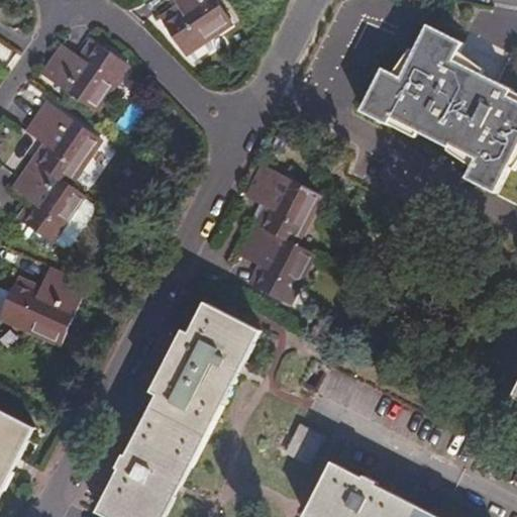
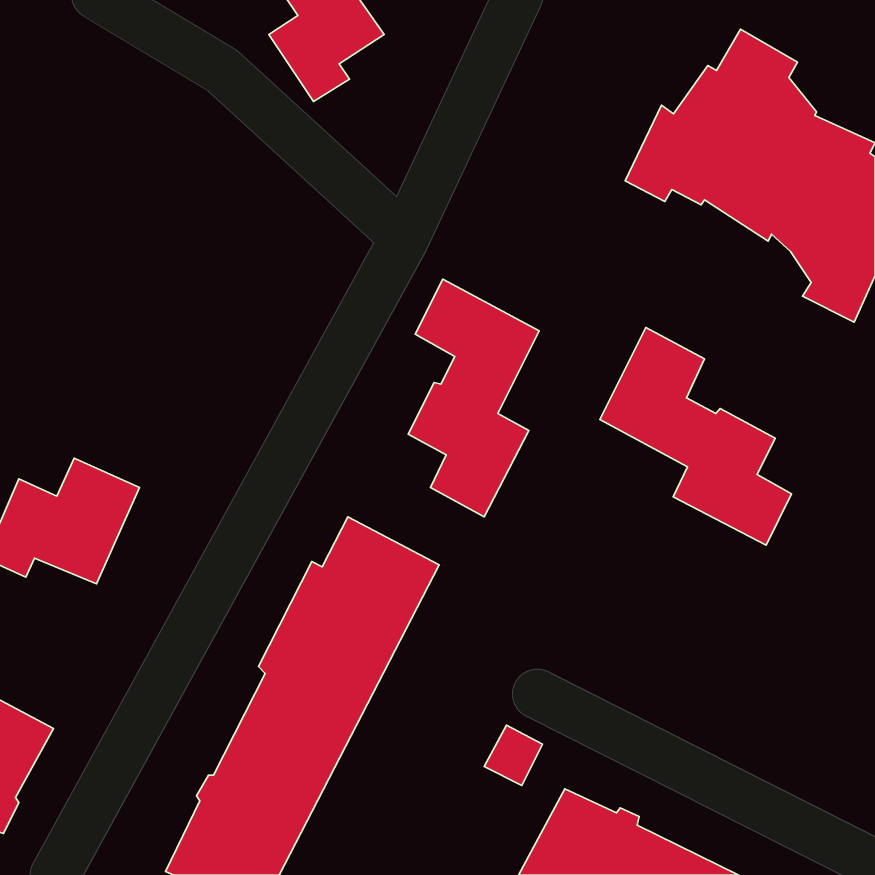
building: [37,43,131,110] -> none
building: [9,103,94,249] -> none
building: none -> [600,327,791,545]

